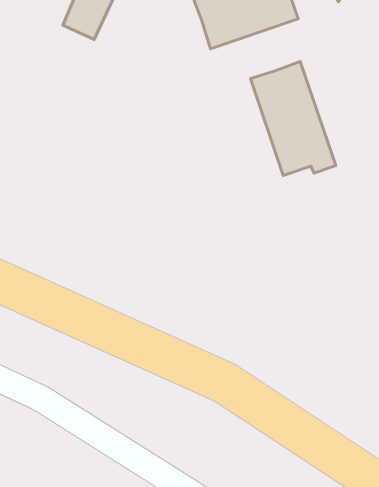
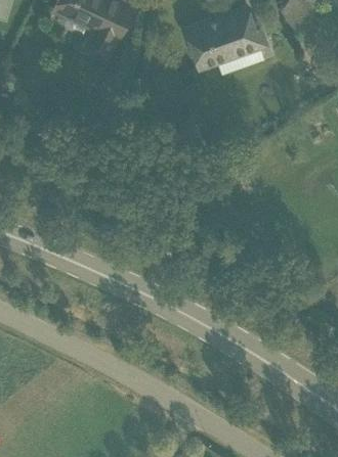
building: [251,62,336,175] -> none

